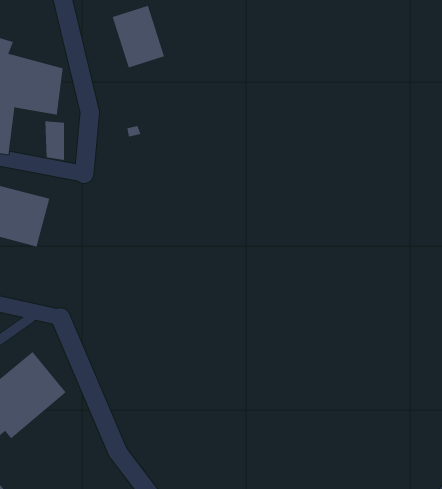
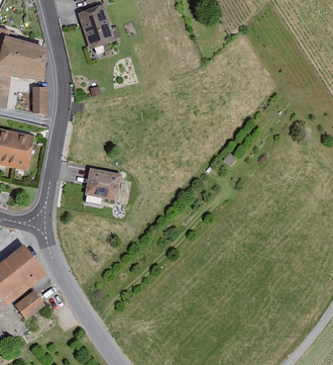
building: none -> [85,168,121,200]
building: none -> [11,293,40,322]

